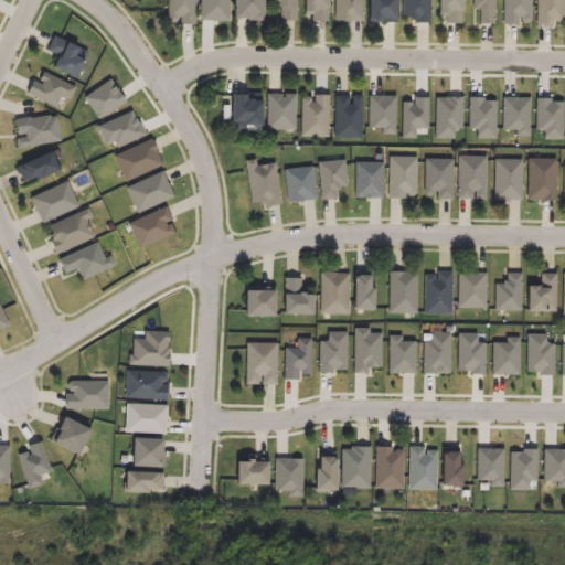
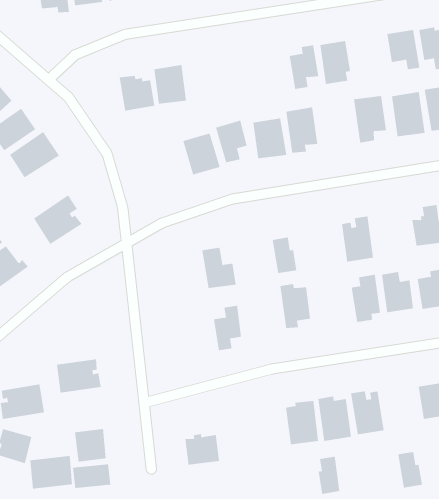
building: [337,93,365,138] -> none
building: [303,94,331,137] -> none
building: [370,95,396,132] -> none
building: [470,96,498,135] -> none
building: [427,157,455,199] -> none
building: [247,159,282,209] -> none
building: [125,169,173,212] -> none
building: [392,270,420,315] -> none
building: [461,271,489,307] -> none
building: [322,274,352,313] -> none
building: [249,292,279,319] -> none
building: [129,326,169,360] -> none
building: [322,329,350,372] -> none
building: [393,331,418,370] -> none
building: [249,341,284,384] -> none
building: [124,399,167,430] -> [30,456,73,489]
building: [445,451,465,486] -> [397,452,423,488]
building: [278,454,303,490] -> none
building: [318,456,338,491] -> [318,456,340,494]

